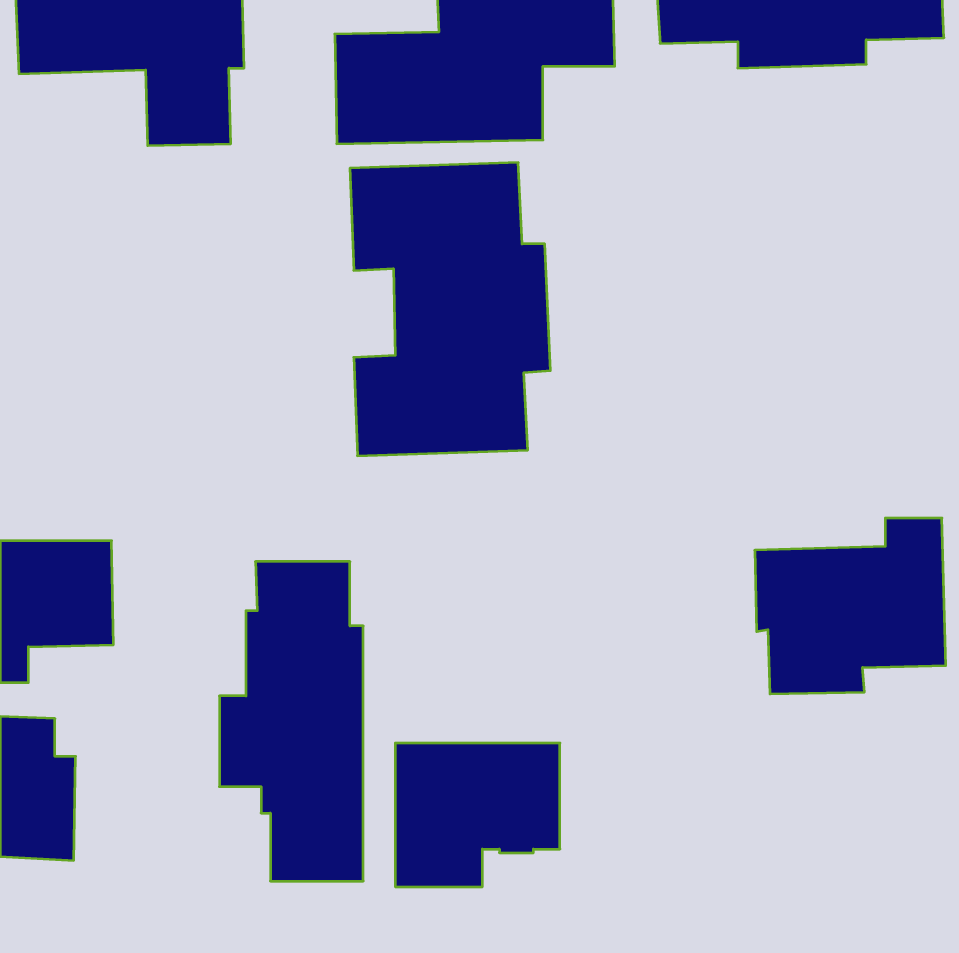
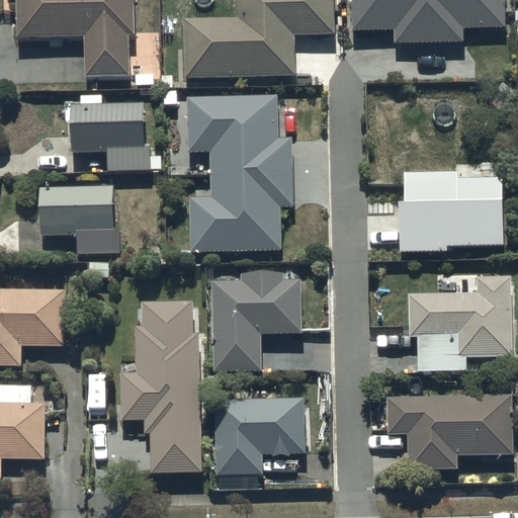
building: none -> [71,94,150,170]
building: none -> [395,172,500,253]
building: none -> [37,185,118,253]
building: none -> [211,272,297,372]
building: none -> [386,394,513,470]

